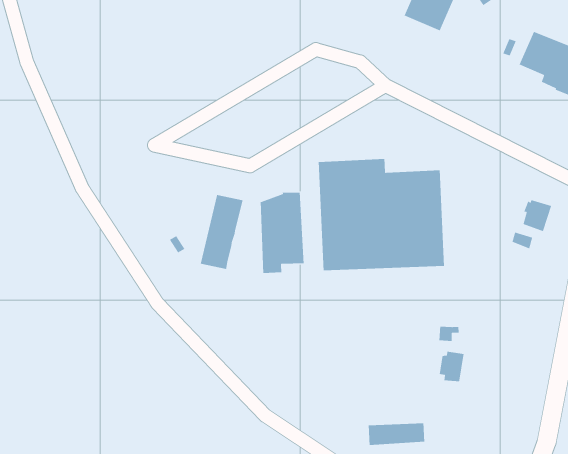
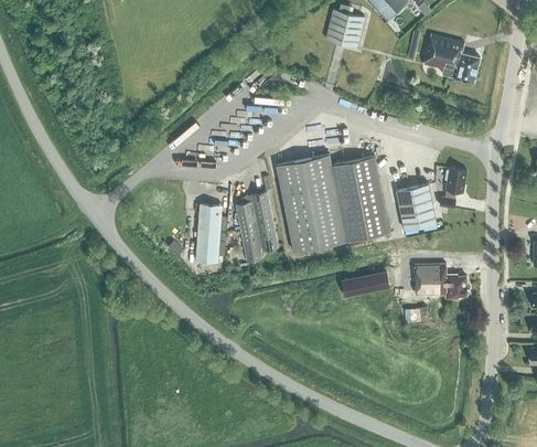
building: none -> [396,183,436,230]
building: none -> [415,264,466,297]
building: [368,422,425,446] -> [342,272,389,297]

